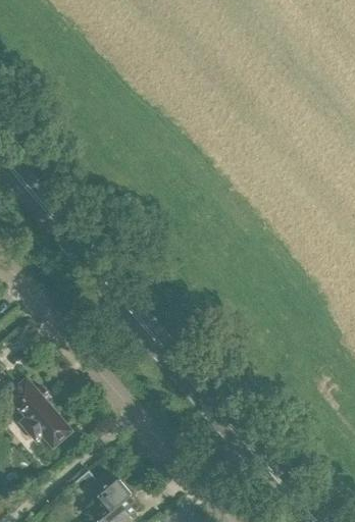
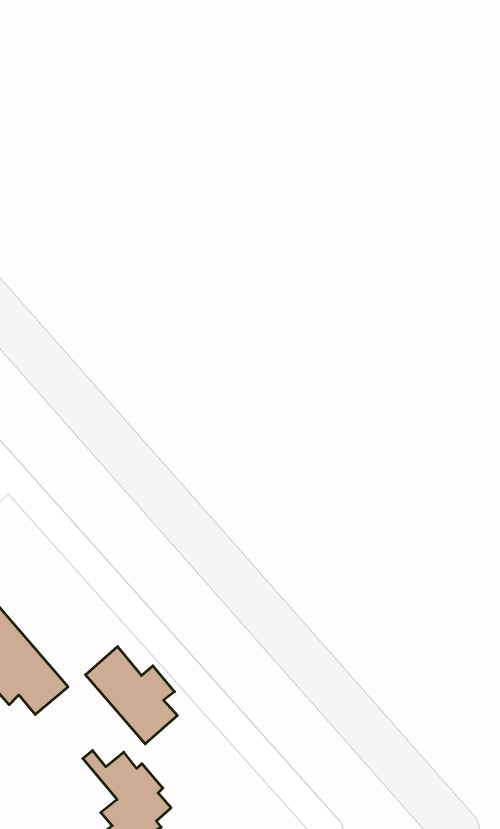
building: none -> [85,646,177,744]

